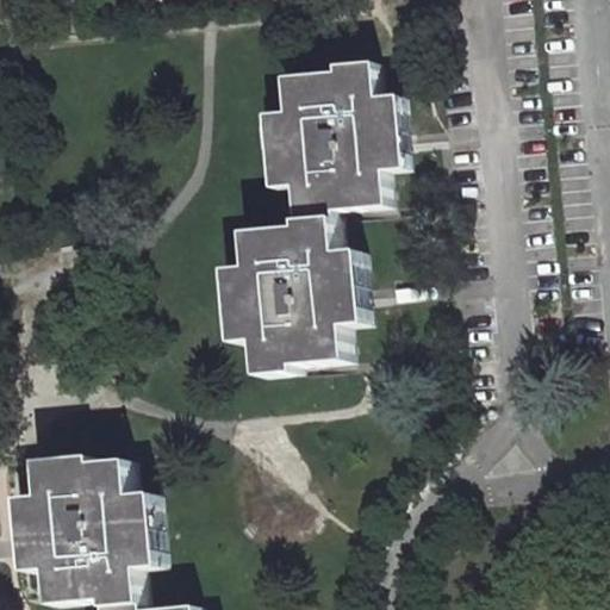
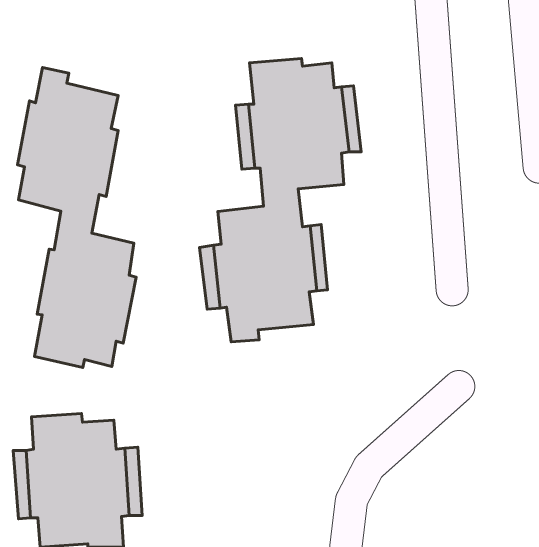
building: none -> [18,68,136,367]

